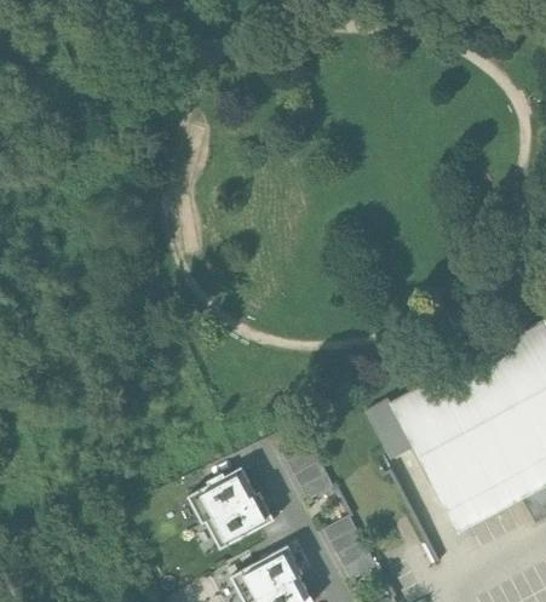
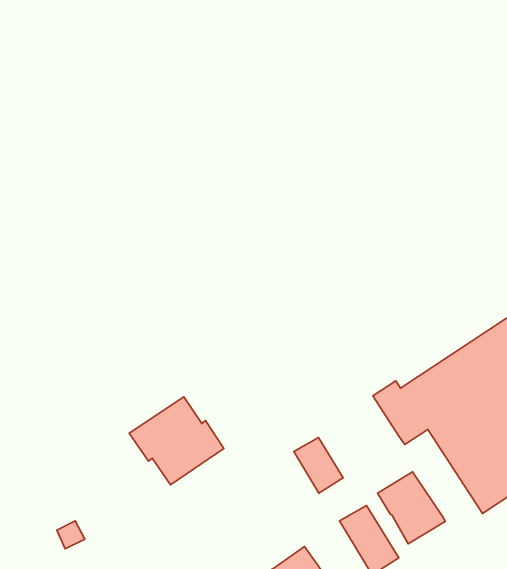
building: [186,468,274,549] -> [129,397,224,485]
building: none -> [378,472,445,544]

